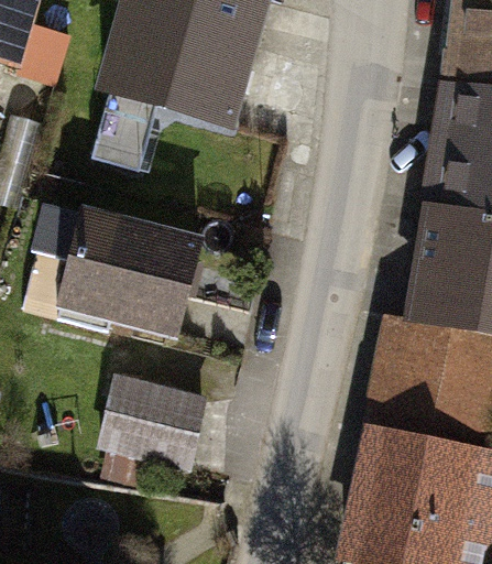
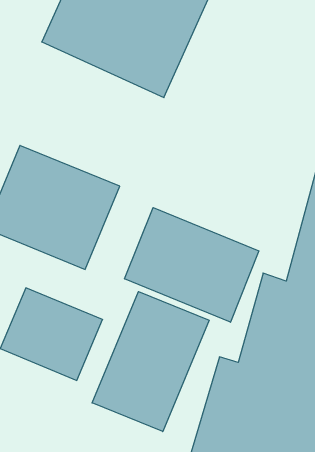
building: none -> [125,208,259,322]
building: none -> [92,292,209,432]

